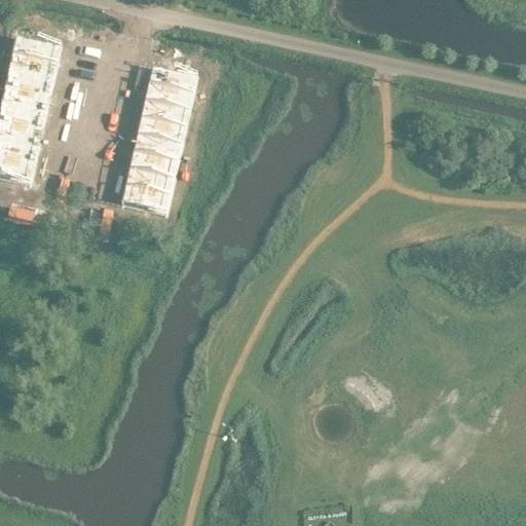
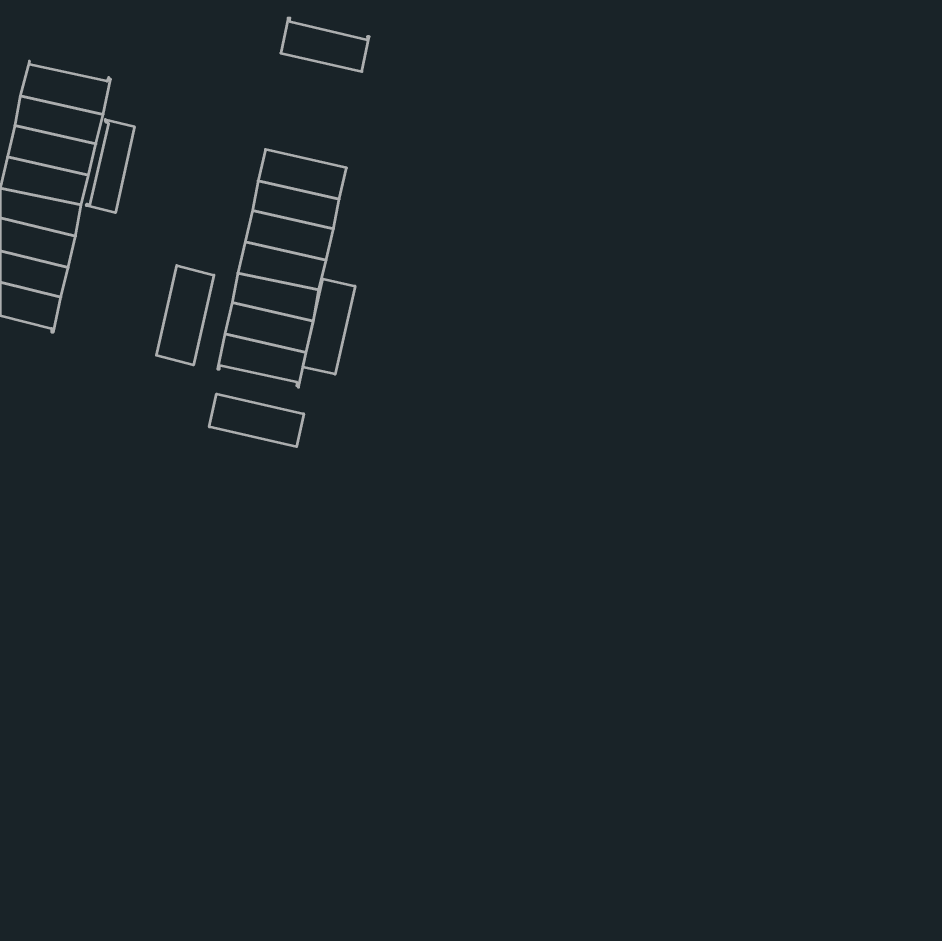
building: [148,64,197,93] -> [281,18,369,72]
building: none -> [86,119,134,213]
building: none -> [156,265,214,365]
building: none -> [303,279,355,374]
building: none -> [209,394,304,447]

